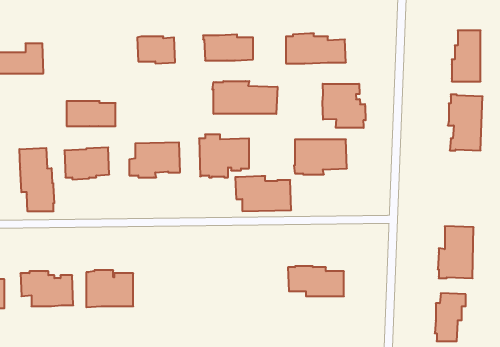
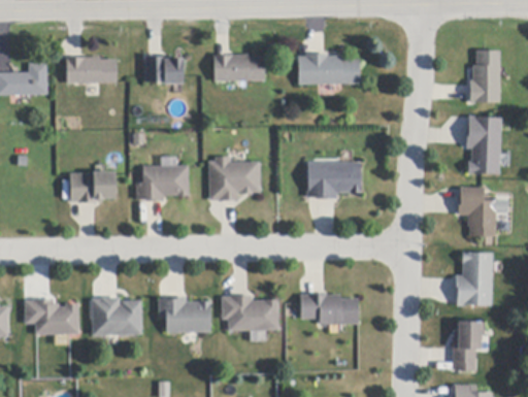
building: [212,81,277,114] -> none
building: [322,84,366,128] -> none
building: [67,101,116,126] -> [66,57,117,82]
building: [19,148,54,211] -> none
building: none -> [458,187,496,236]
building: [235,176,291,211] -> [221,295,278,331]
building: none -> [158,297,210,332]

